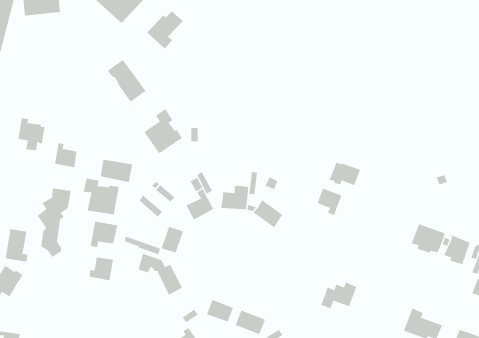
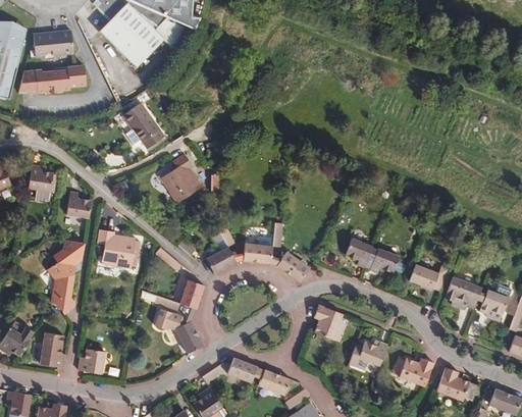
building: [147,10,184,49] -> none
building: none -> [18,65,87,94]
building: [100,159,133,183] -> none
building: [329,162,361,186] -> [364,249,398,274]
building: none -> [409,264,448,292]
building: [90,221,118,248] -> none
building: [5,229,28,262] -> [40,332,64,368]
building: none -> [314,305,343,340]
building: [89,257,114,281] -> [79,349,105,374]
building: none -> [393,357,433,386]

